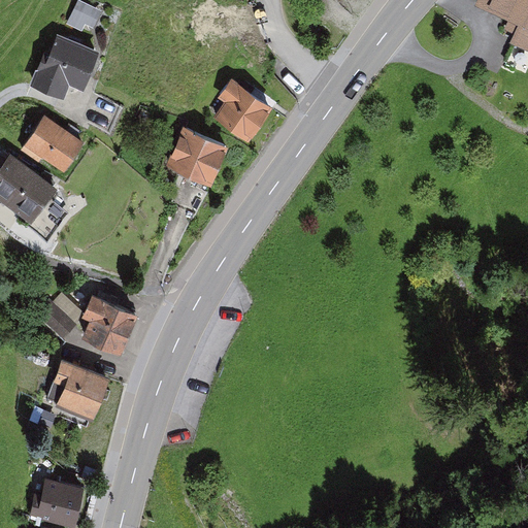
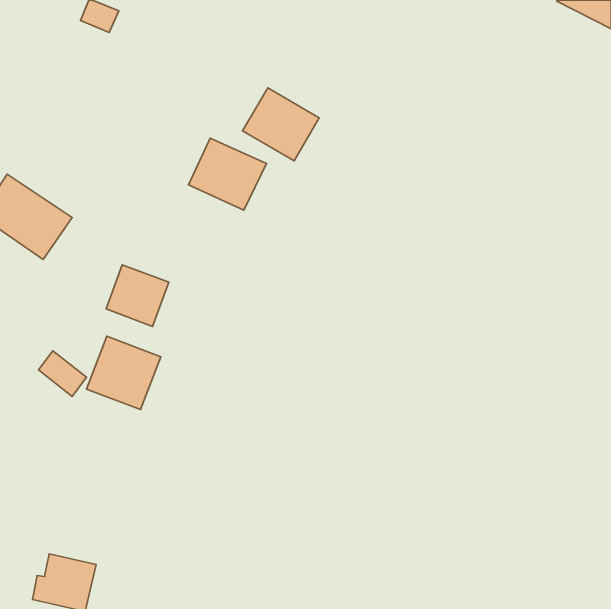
building: [32,35,101,96] -> none
building: [19,112,85,172] -> none
building: none -> [106,265,169,326]
building: [53,361,119,424] -> none

